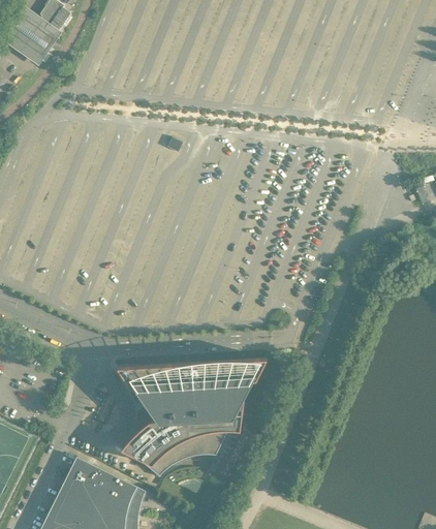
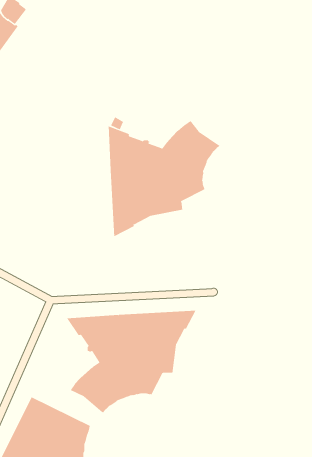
building: none -> [108,120,221,237]

